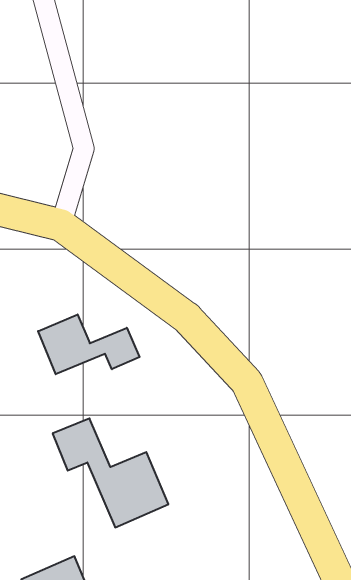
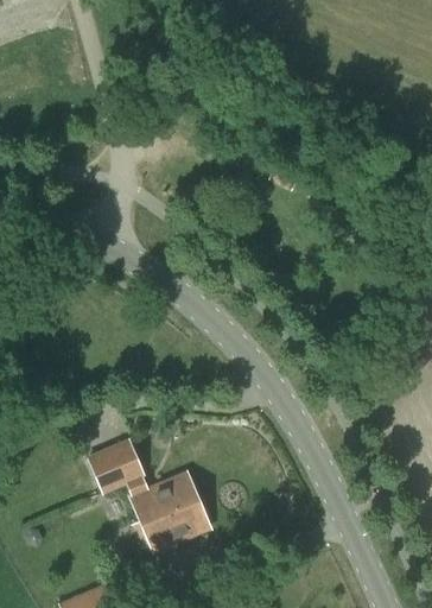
building: [38,314,140,374] -> none

